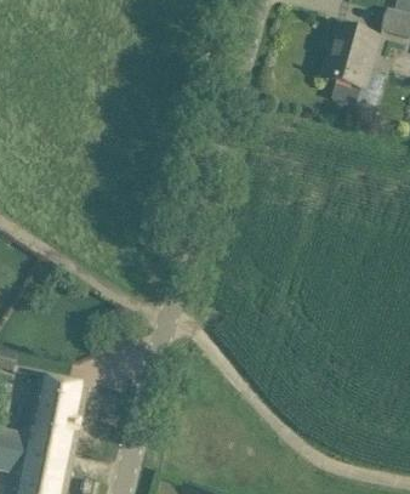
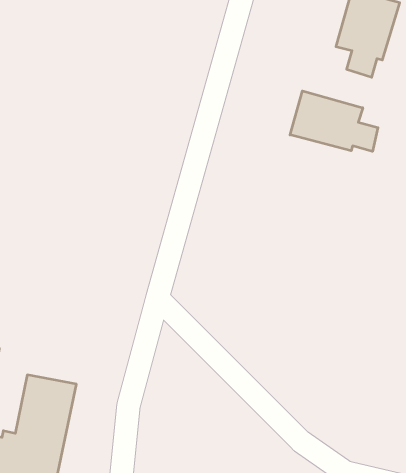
building: none -> [290,91,378,151]

